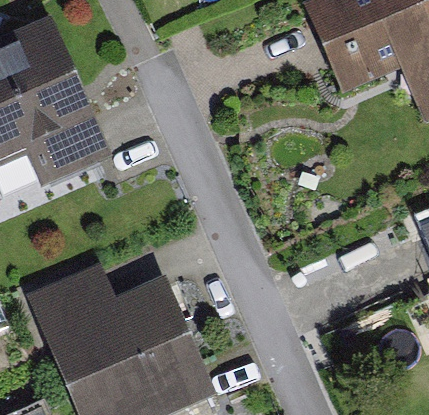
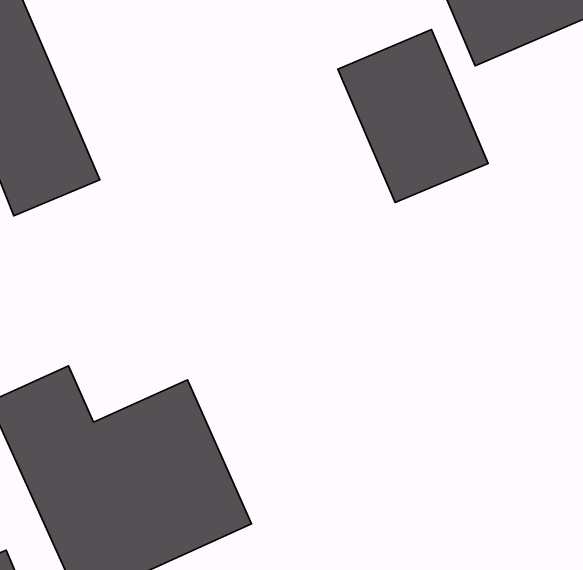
building: none -> [338,29,488,203]

